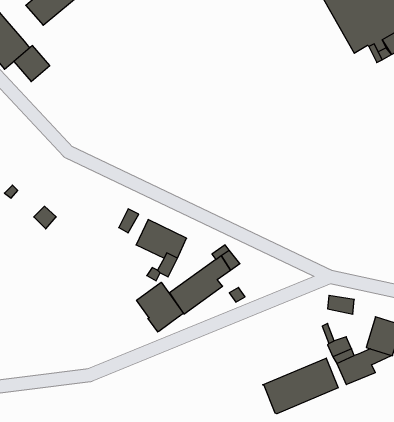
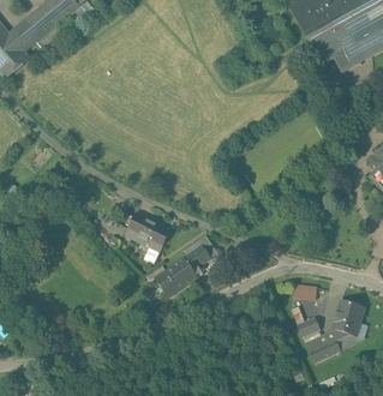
building: [14,46,50,82] -> [8,18,41,50]
building: [137,282,183,332] -> none
building: [263,358,338,414] -> none

